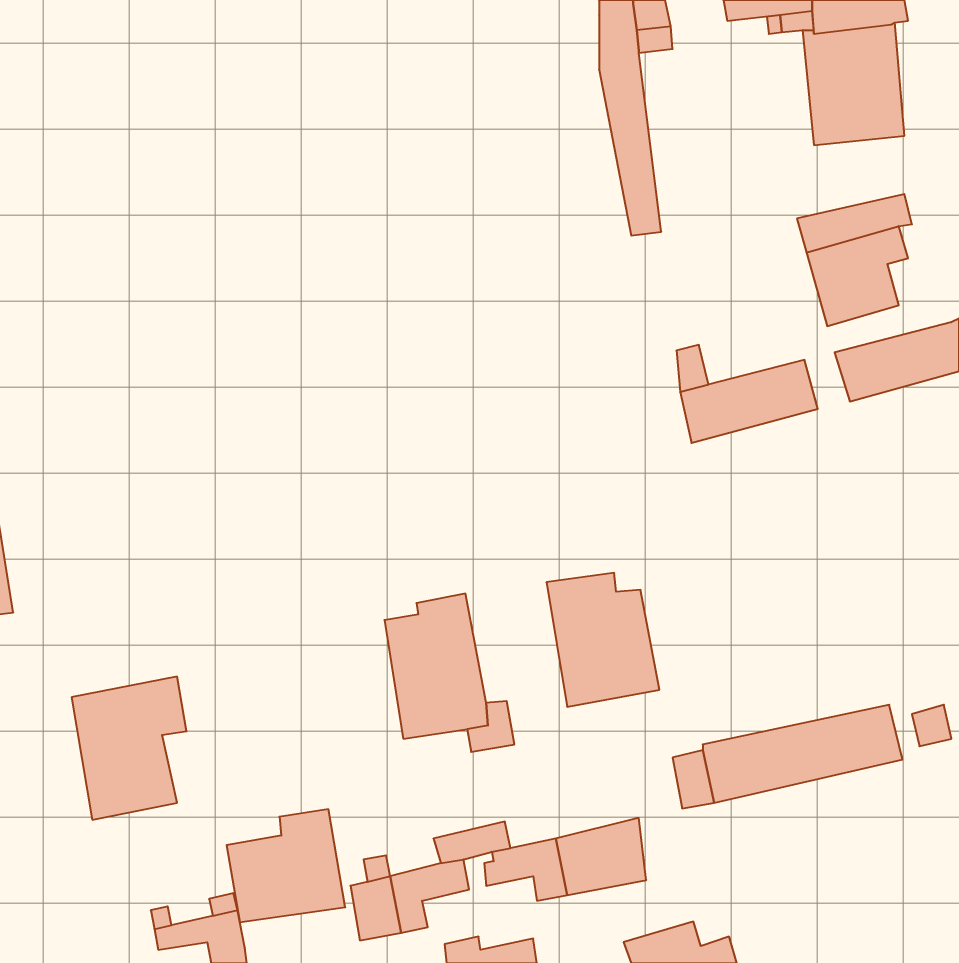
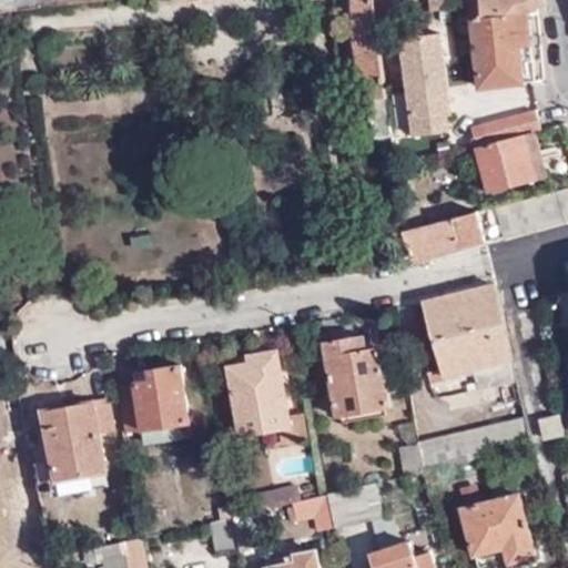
building: none -> [400,34,449,136]
building: none -> [418,286,515,389]
building: none -> [460,475,534,562]
building: [227,809,345,922] -> [116,364,186,430]

